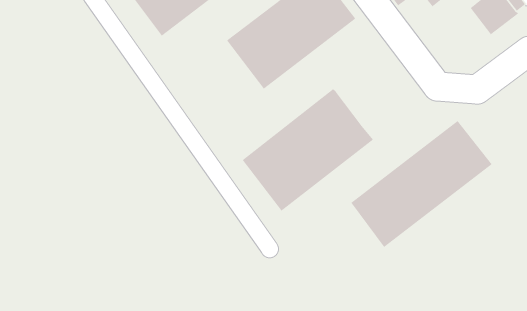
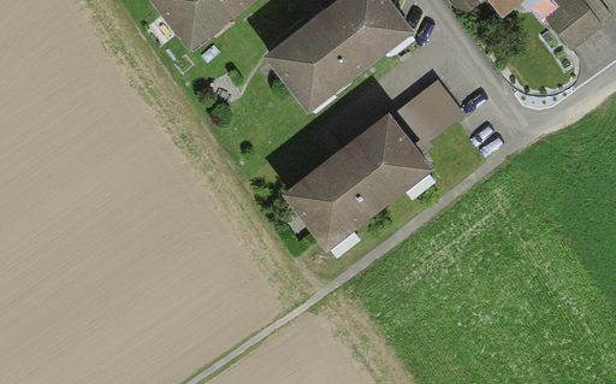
building: none -> [391,78,464,154]
building: [351,120,493,248] -> none

